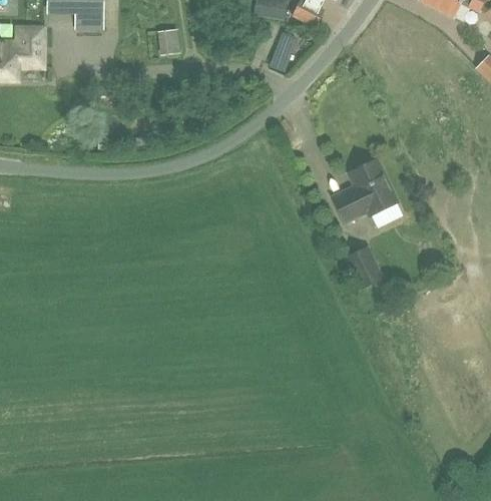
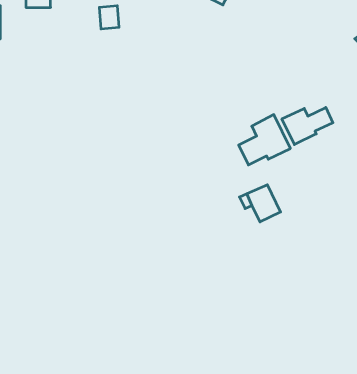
building: [269,33,296,70] -> none
building: none -> [282,107,333,145]

